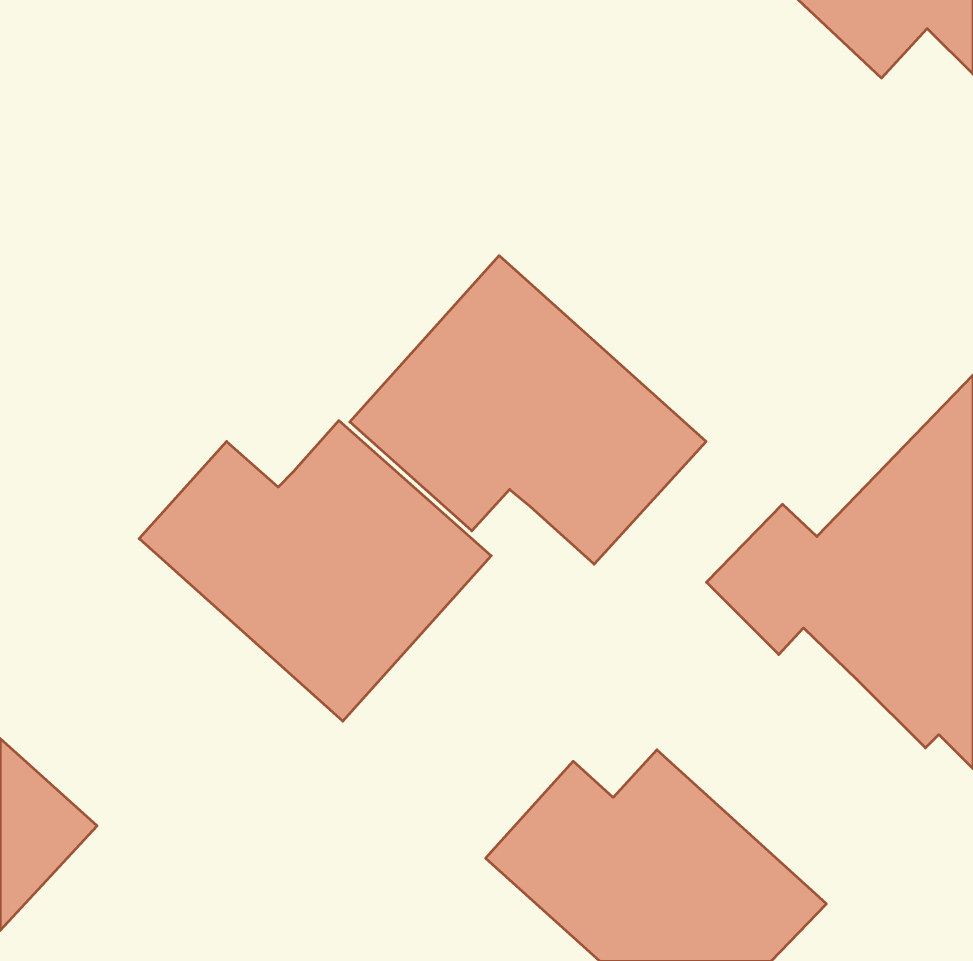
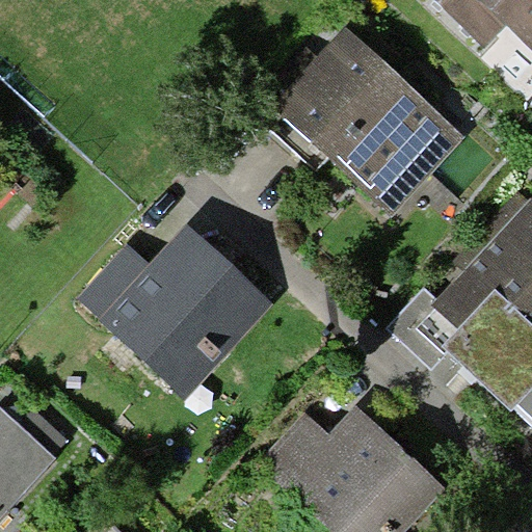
building: none -> [274,29,461,211]
building: [350,256,706,564] -> none

